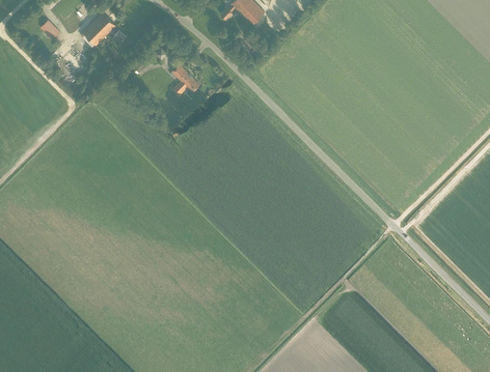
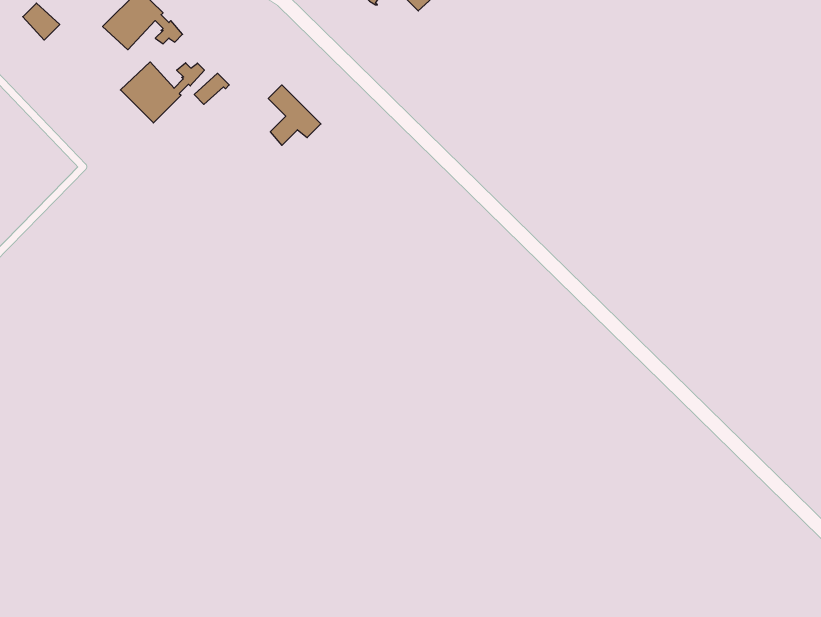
building: none -> [120,62,204,123]

